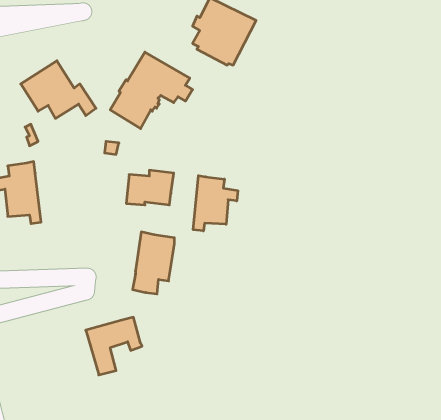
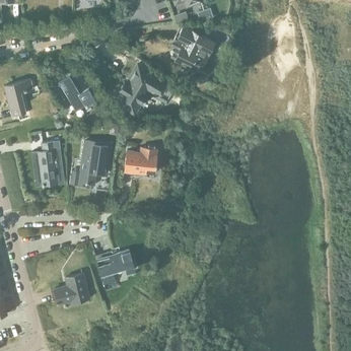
building: [193,176,238,231] -> none
building: [133,232,174,294] -> [78,141,108,185]
building: none -> [55,272,89,303]

